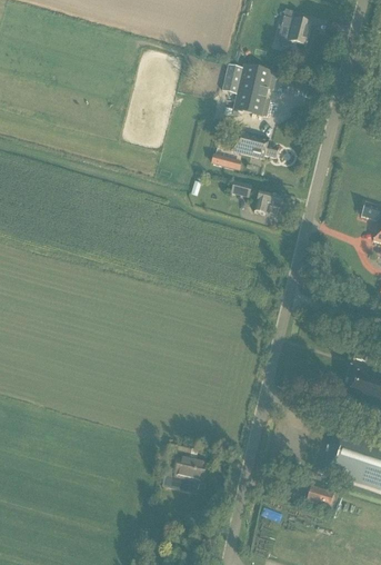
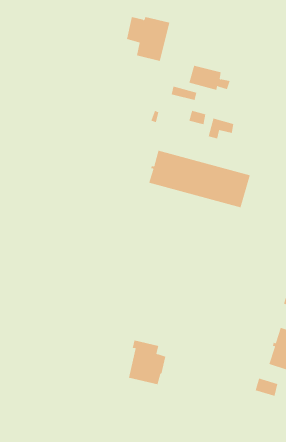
building: [224,65,274,116] -> [126,17,170,61]
building: none -> [149,150,250,208]

